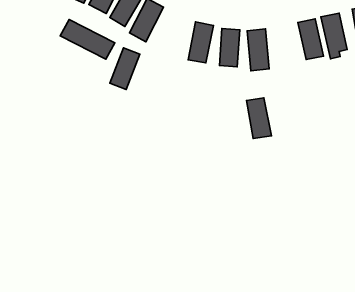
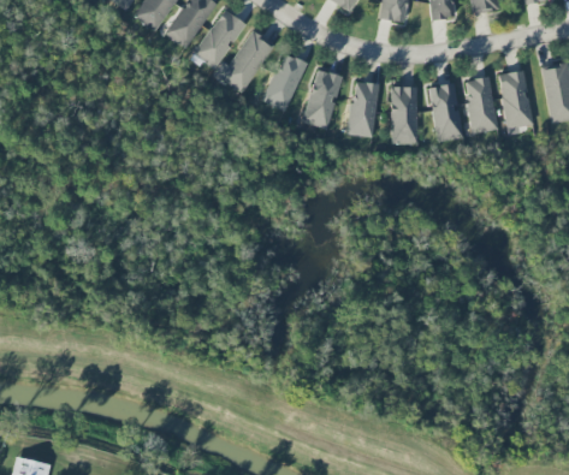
building: [60,19,115,59] -> none
building: [110,48,140,89] -> [262,52,308,112]
building: [247,98,271,139] -> [431,83,463,141]

